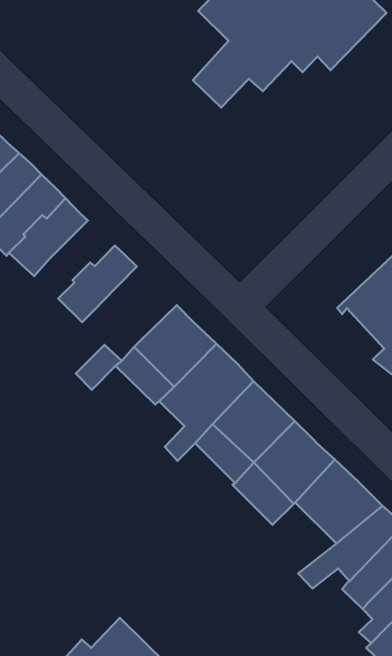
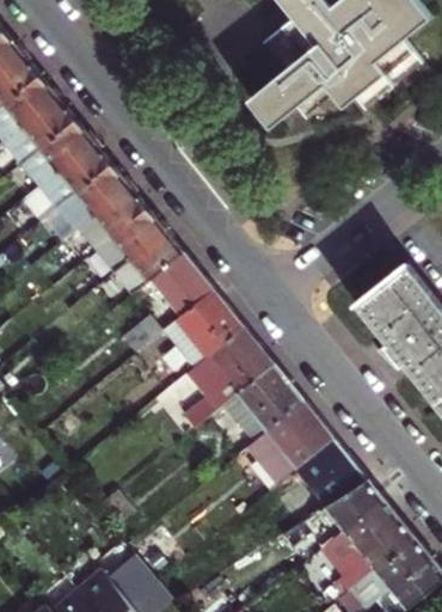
building: none -> [96,208,167,271]
building: none -> [149,252,214,317]

